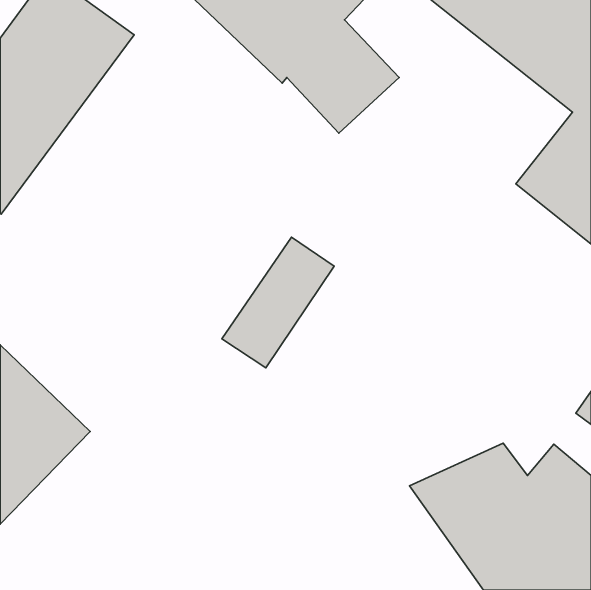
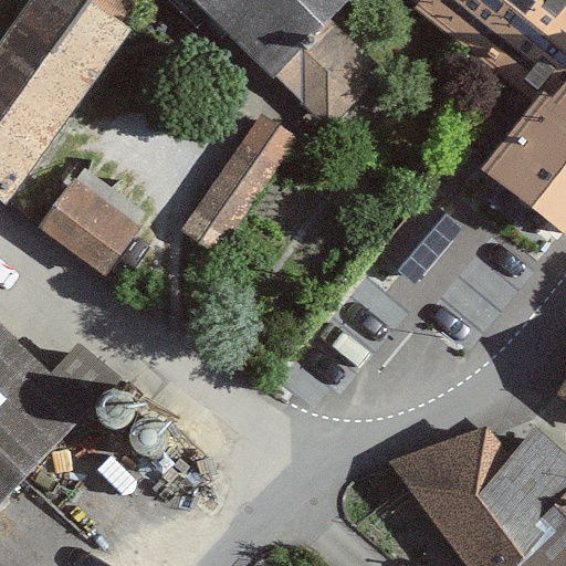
building: none -> [35,175,144,280]
building: [222,237,334,368] -> [188,109,295,234]

